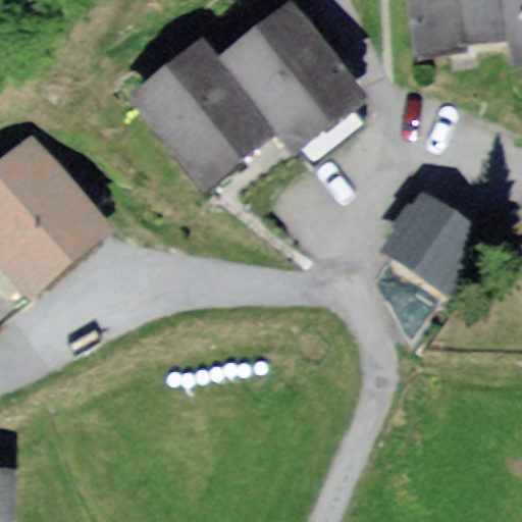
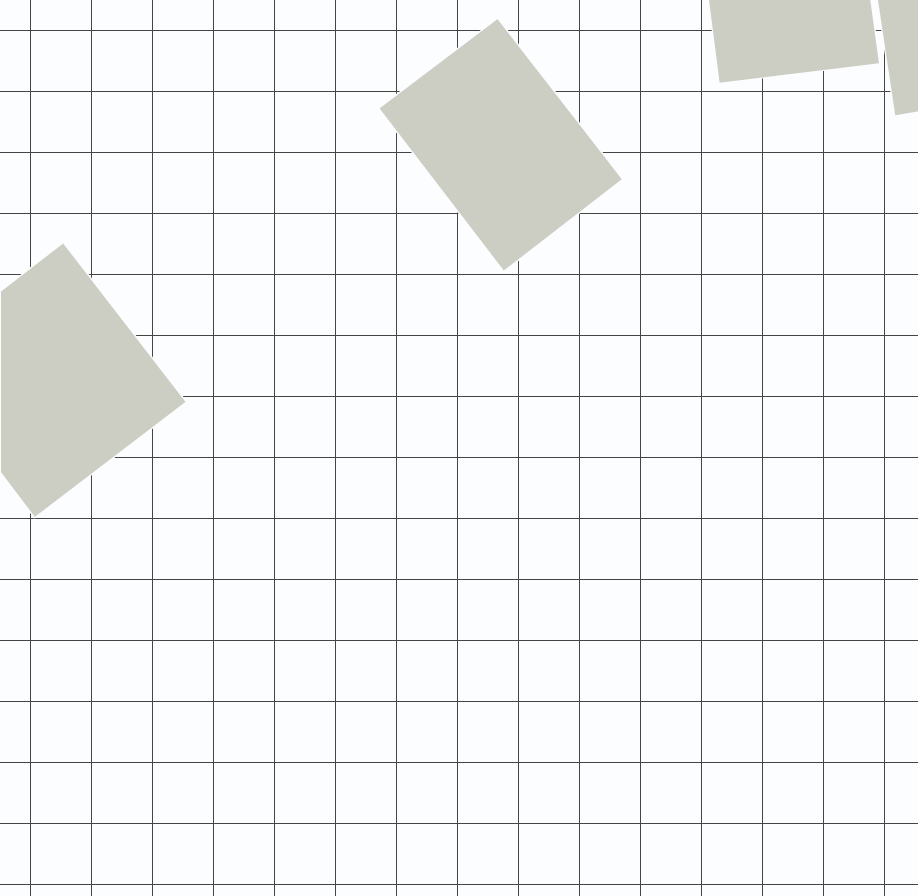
building: [135,53,265,187] -> none
building: [384,191,482,290] -> none

